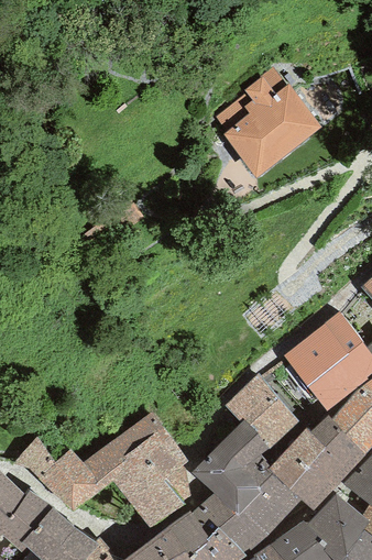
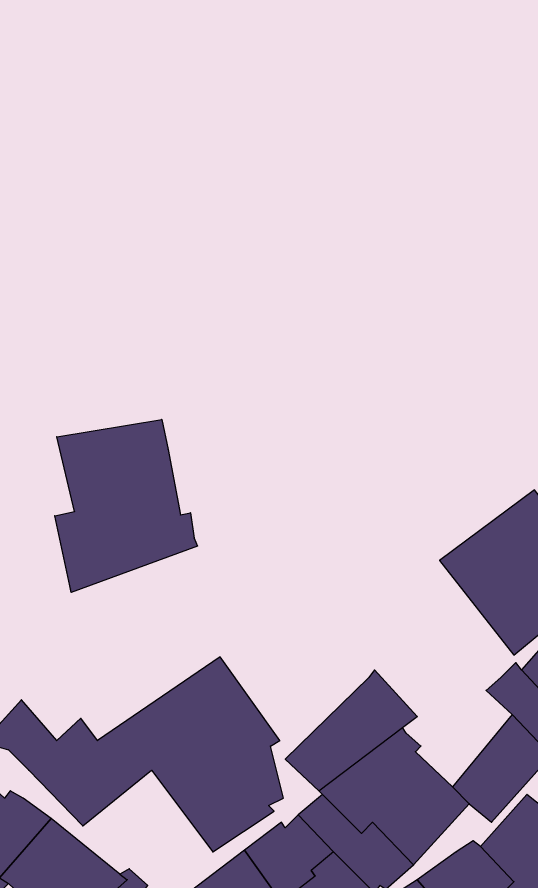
building: [216,67,321,179] -> none
building: none -> [55,419,198,592]
building: [225,361,316,448] -> none
building: [269,429,326,490] -> none

